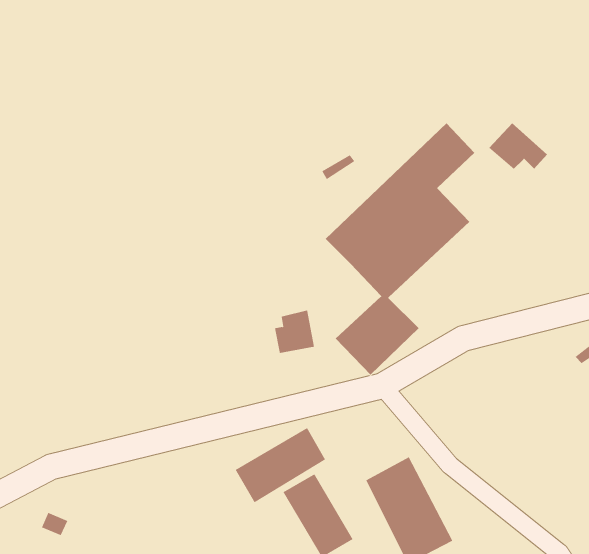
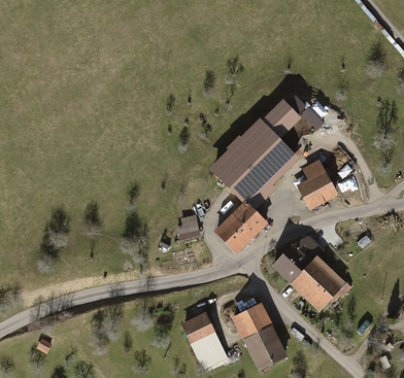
building: none -> [297,162,336,209]
building: none -> [275,237,345,310]
building: [235,427,326,503] -> none

